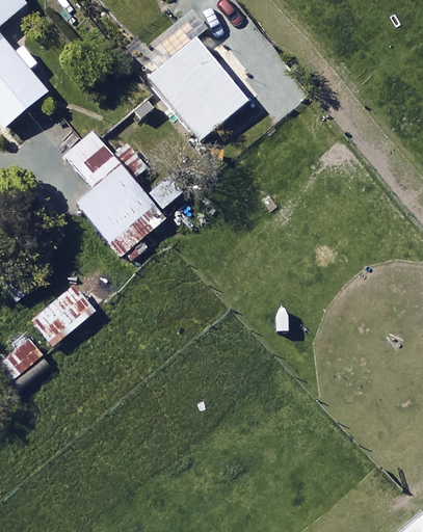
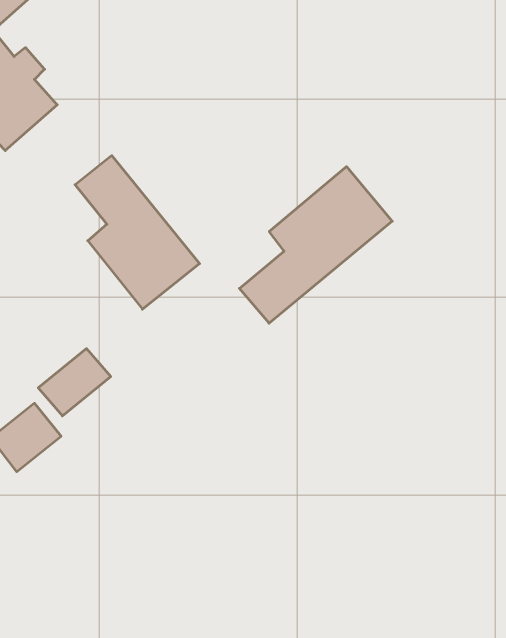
building: [147,34,247,138] -> none
building: none -> [239,167,392,323]

